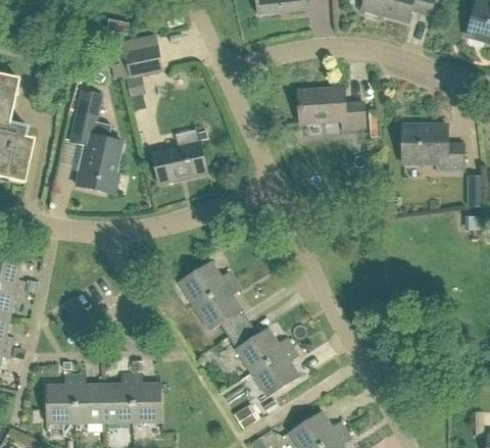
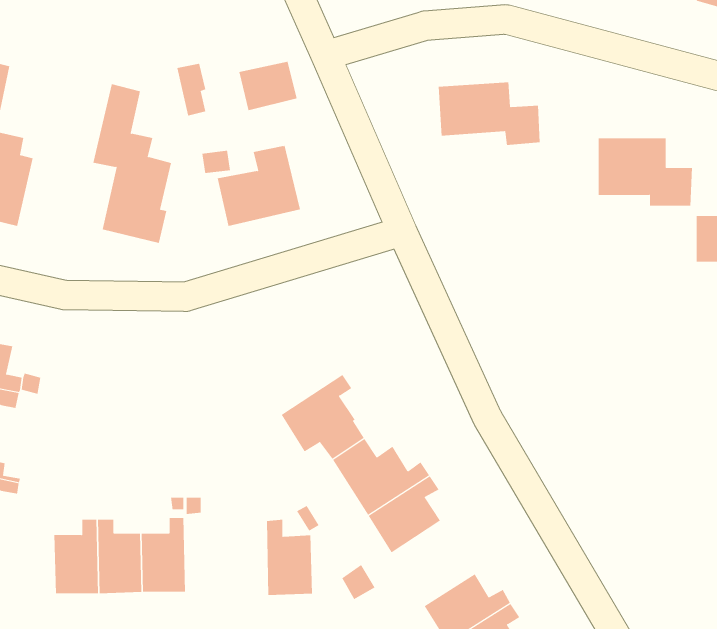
building: [125,45,163,78] -> [238,61,298,111]
building: [179,260,235,306] -> none
building: [131,372,161,422] -> [266,519,313,595]

